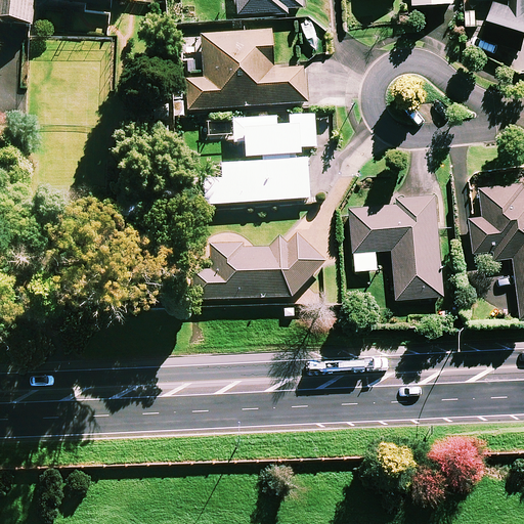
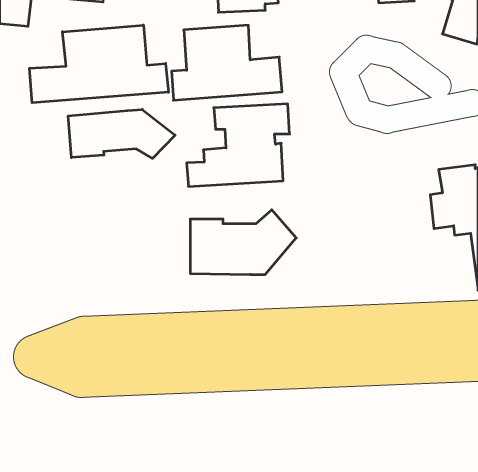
building: none -> [30,25,168,103]
building: none -> [68,109,175,158]
building: [349,191,444,297] -> none

